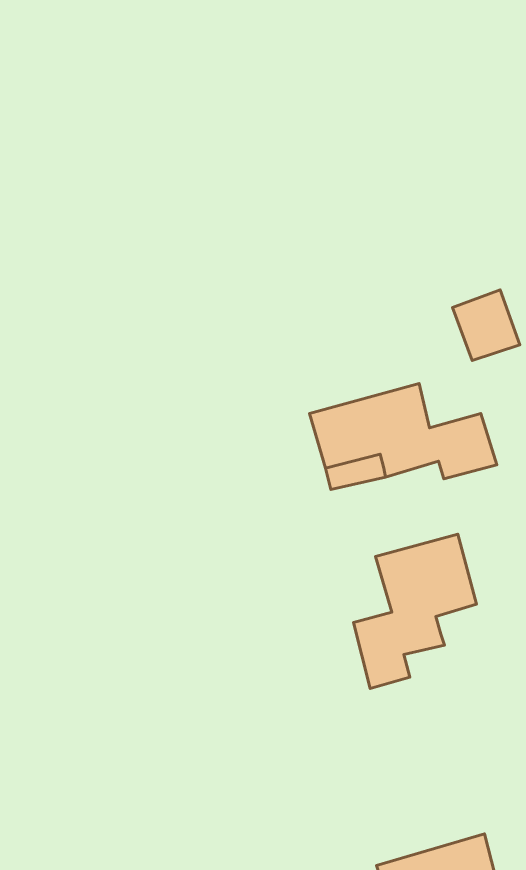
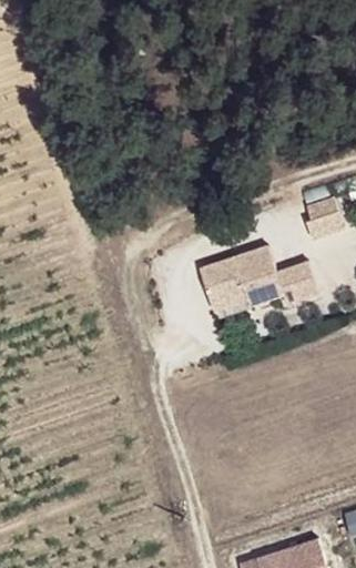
building: [353,534,476,689] -> none

